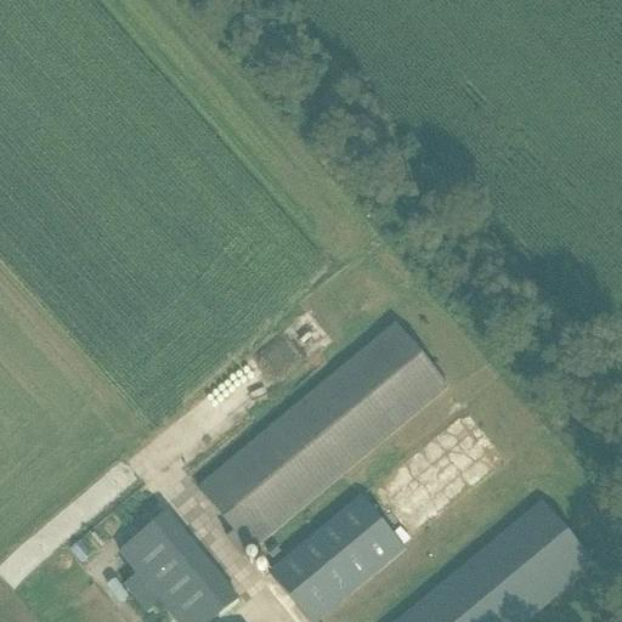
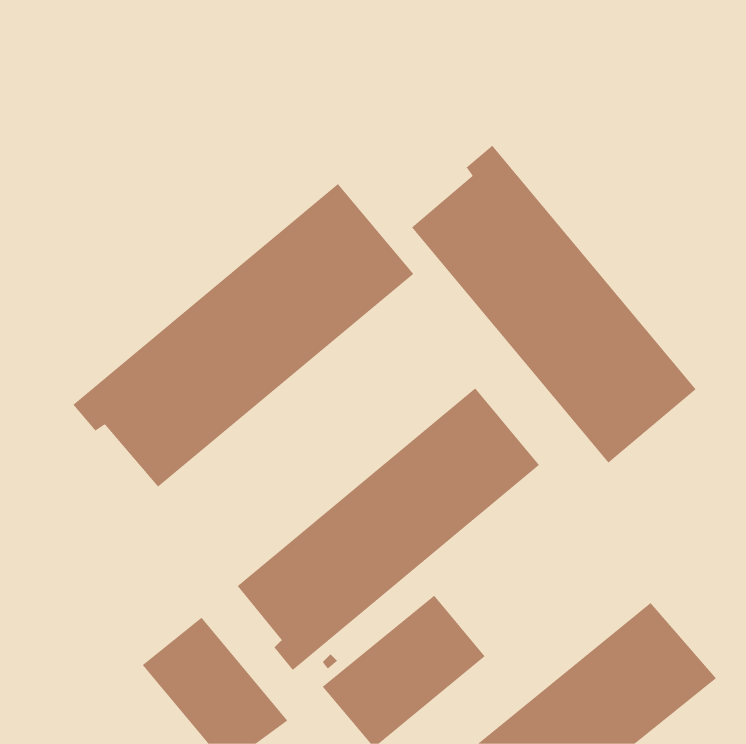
building: none -> [411,145,697,463]
building: none -> [72,183,414,488]

